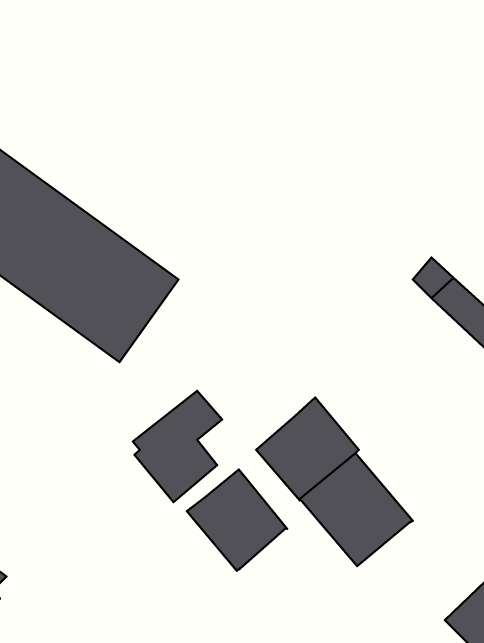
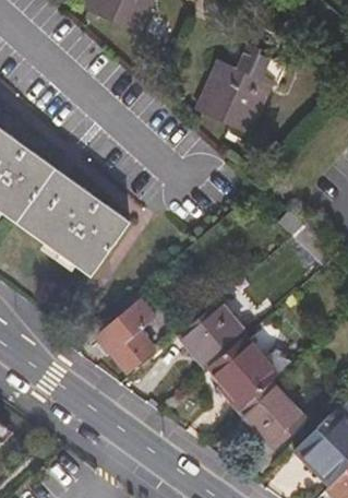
building: none -> [196,51,284,130]
building: [187,470,287,571] -> none
building: none -> [242,383,307,449]

